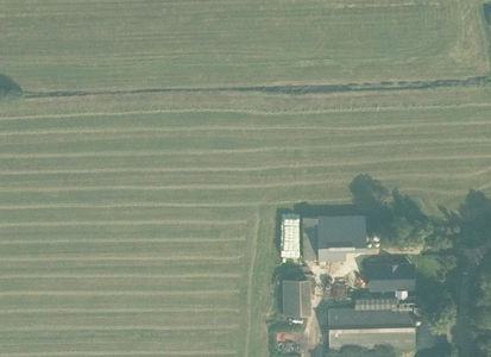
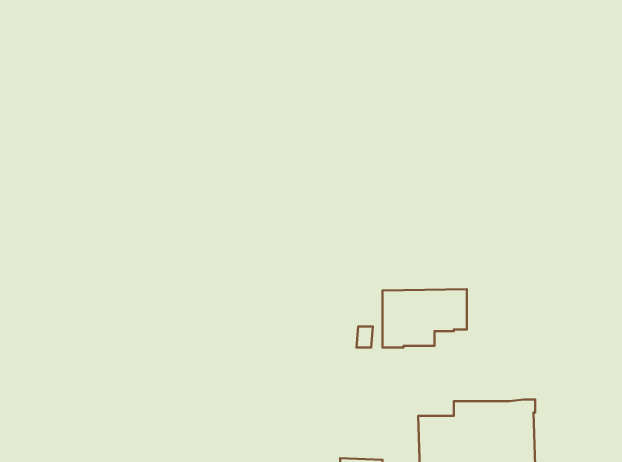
building: [373,265,411,300] -> none
building: [284,281,309,317] -> none

